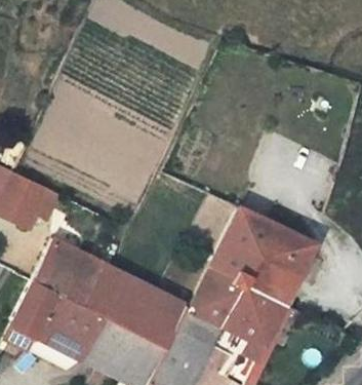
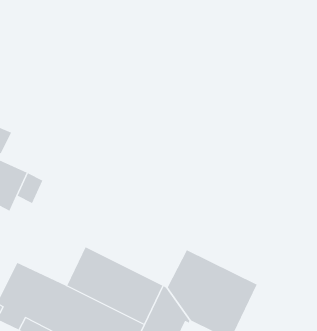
building: [212,205,318,303] -> none
building: [34,237,106,304] -> none

